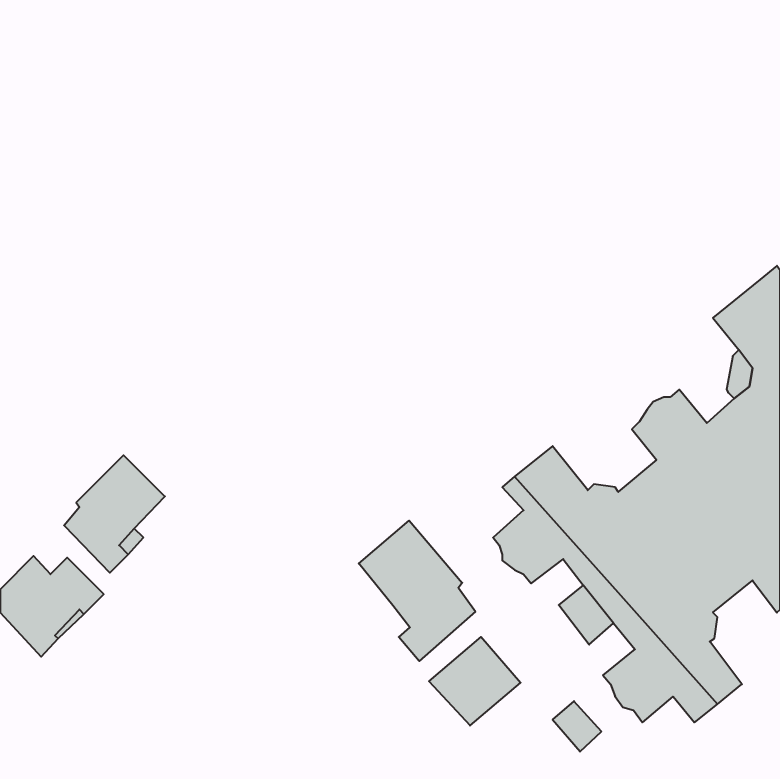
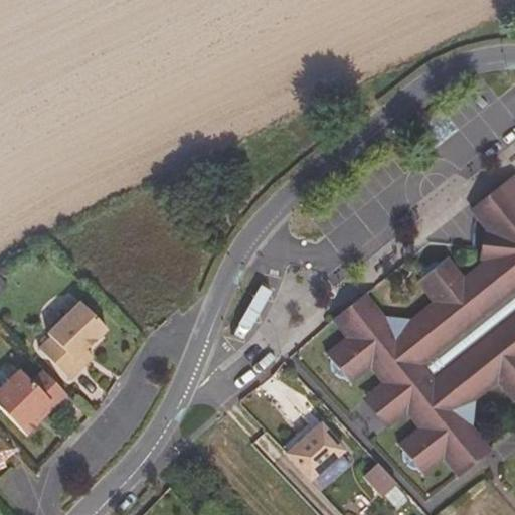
building: [359,521,475,661] -> none

